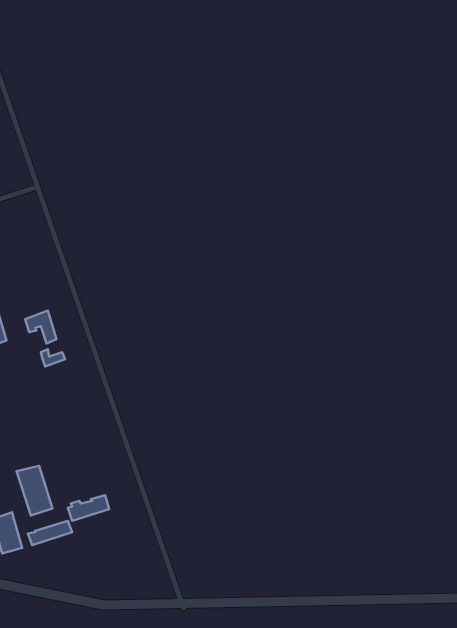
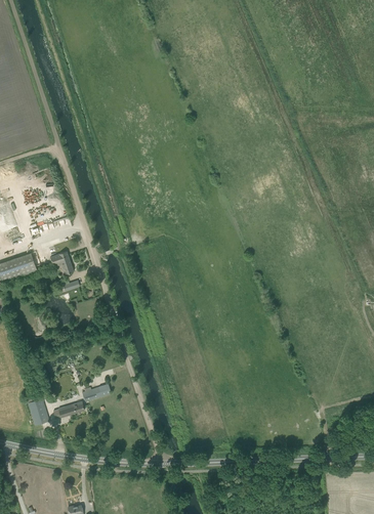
building: [16,466,53,515] -> none

